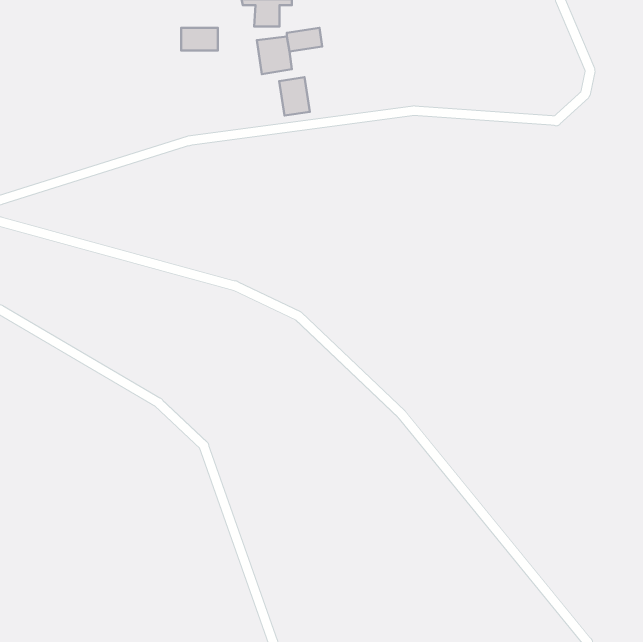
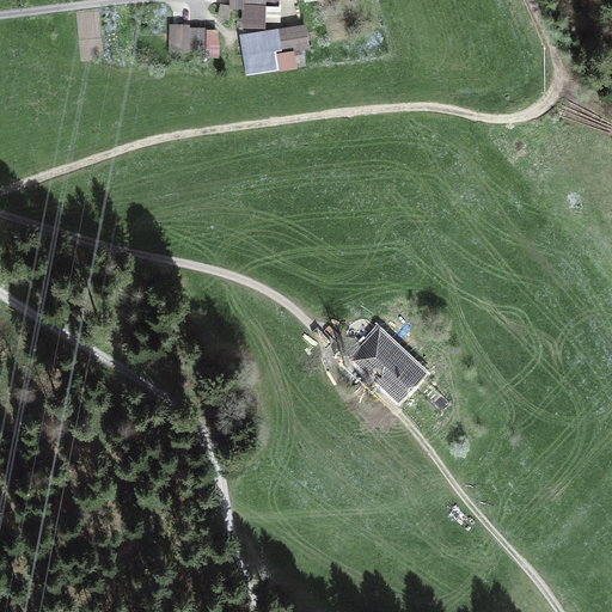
building: [279,77,310,116] -> none
building: none -> [355,331,417,393]

